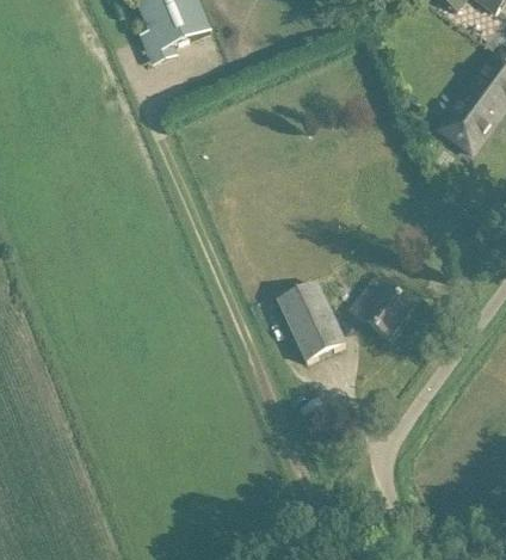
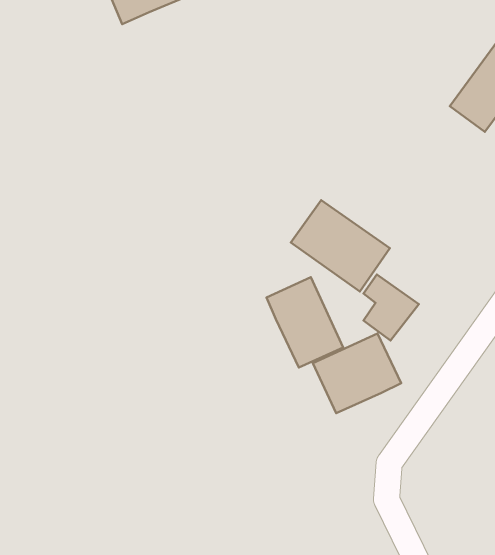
building: none -> [291,200,390,291]
building: none -> [313,333,401,413]

